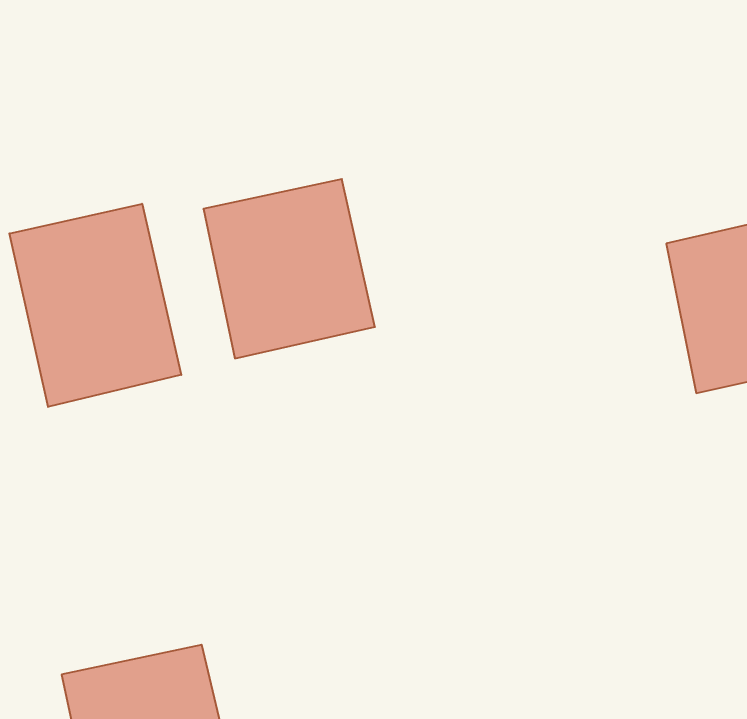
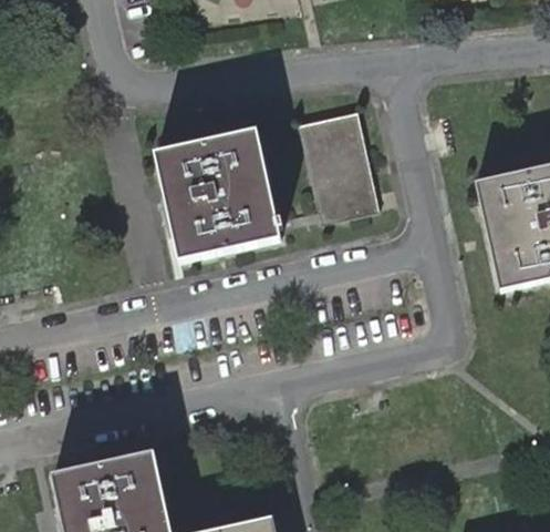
building: none -> [297,113,377,225]
building: [9,204,181,407] -> none

